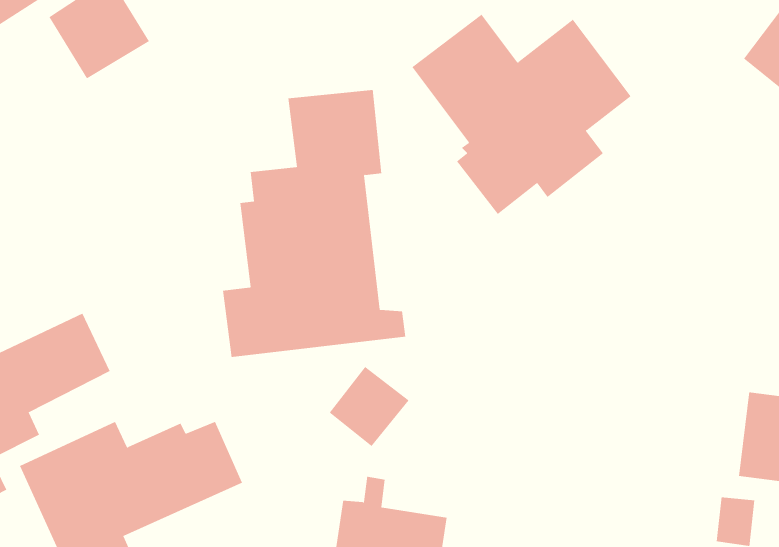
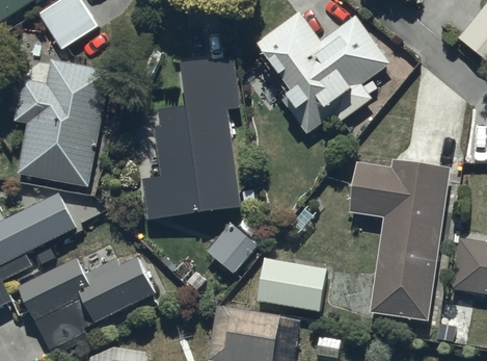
building: none -> [16,58,111,187]
building: none -> [349,158,451,319]
building: none -> [259,259,326,310]

